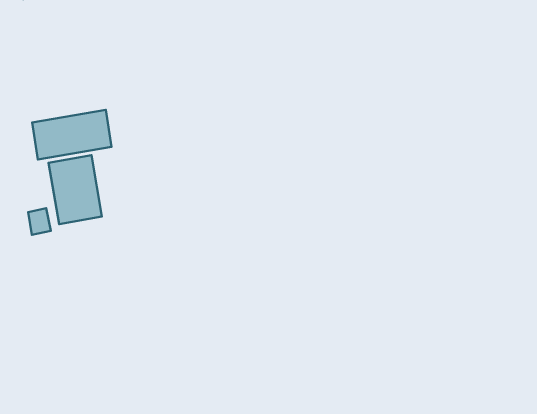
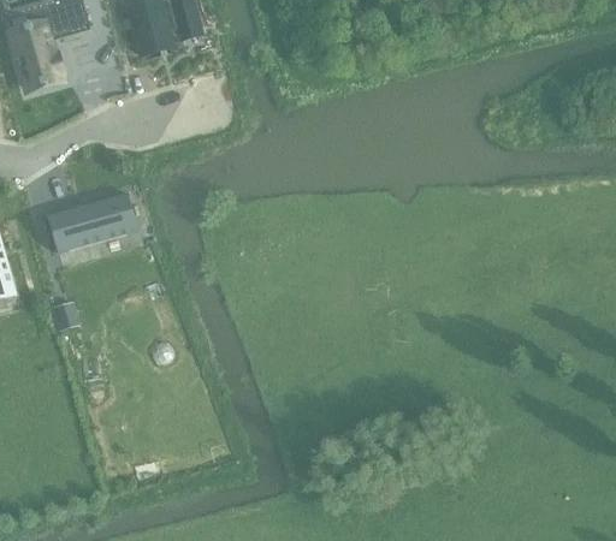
building: [49,155,102,224] -> none

